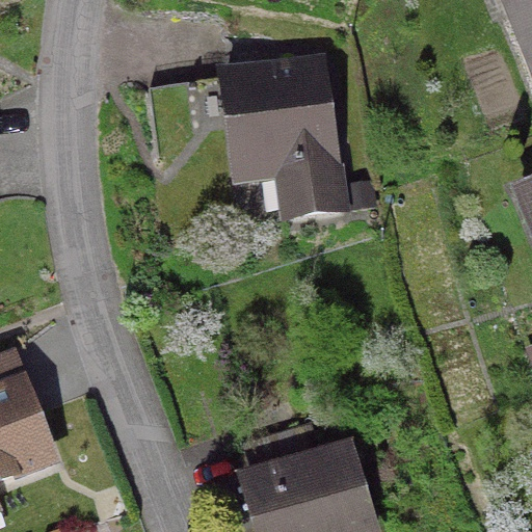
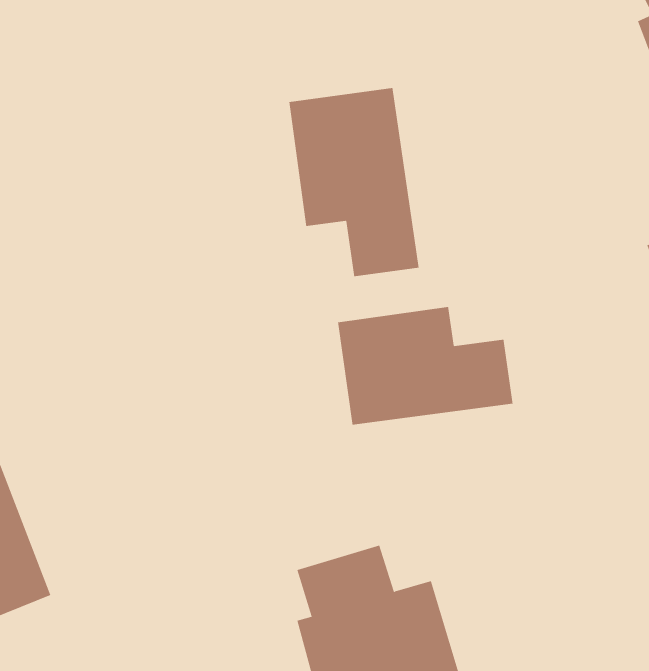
building: none -> [338,306,513,426]

